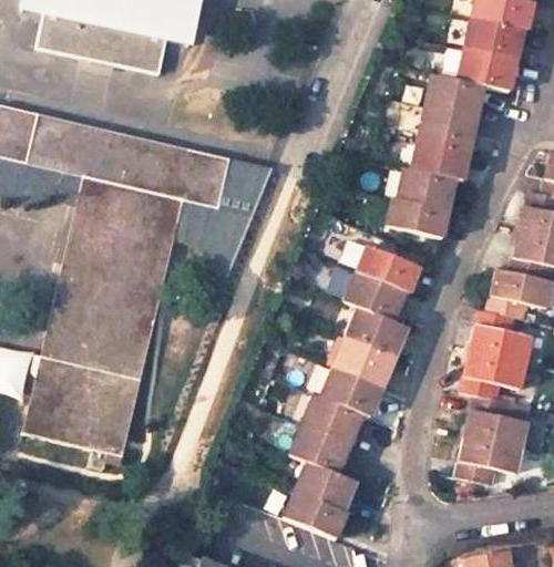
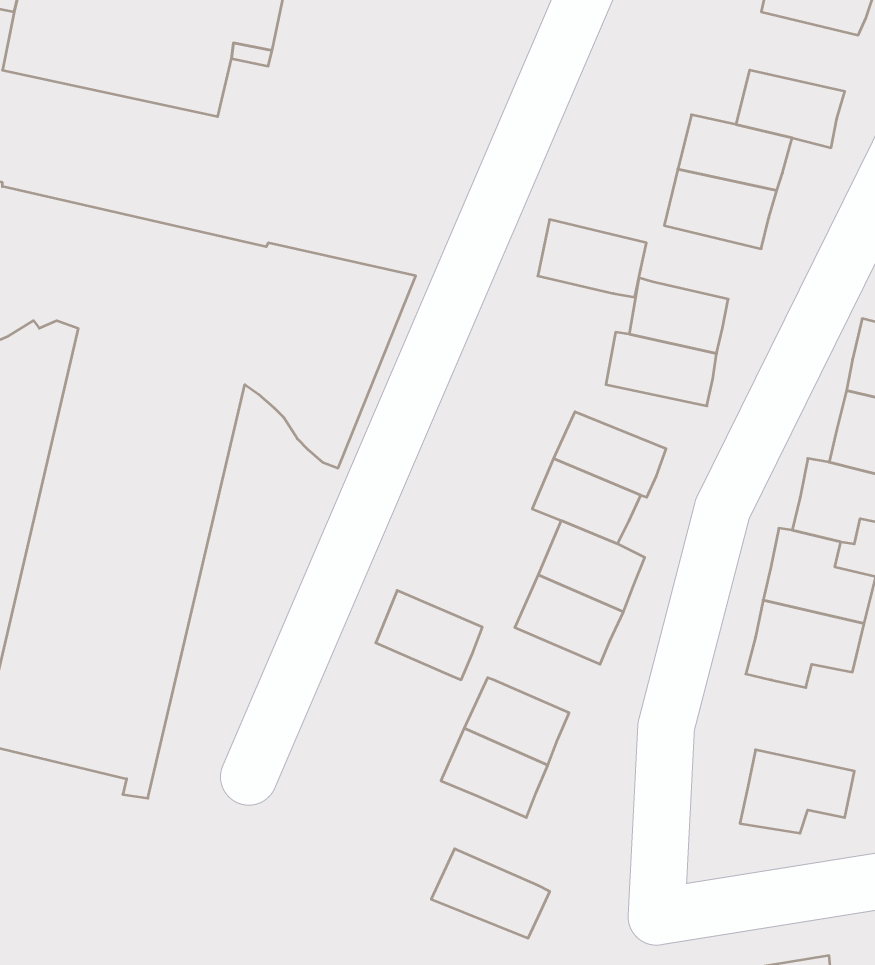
building: [463,14,525,60] -> none
building: [408,136,470,181] -> [538,220,646,297]
building: [317,365,378,416] -> [376,590,482,680]
building: [466,395,530,447] -> none
building: [295,462,356,513] -> none

